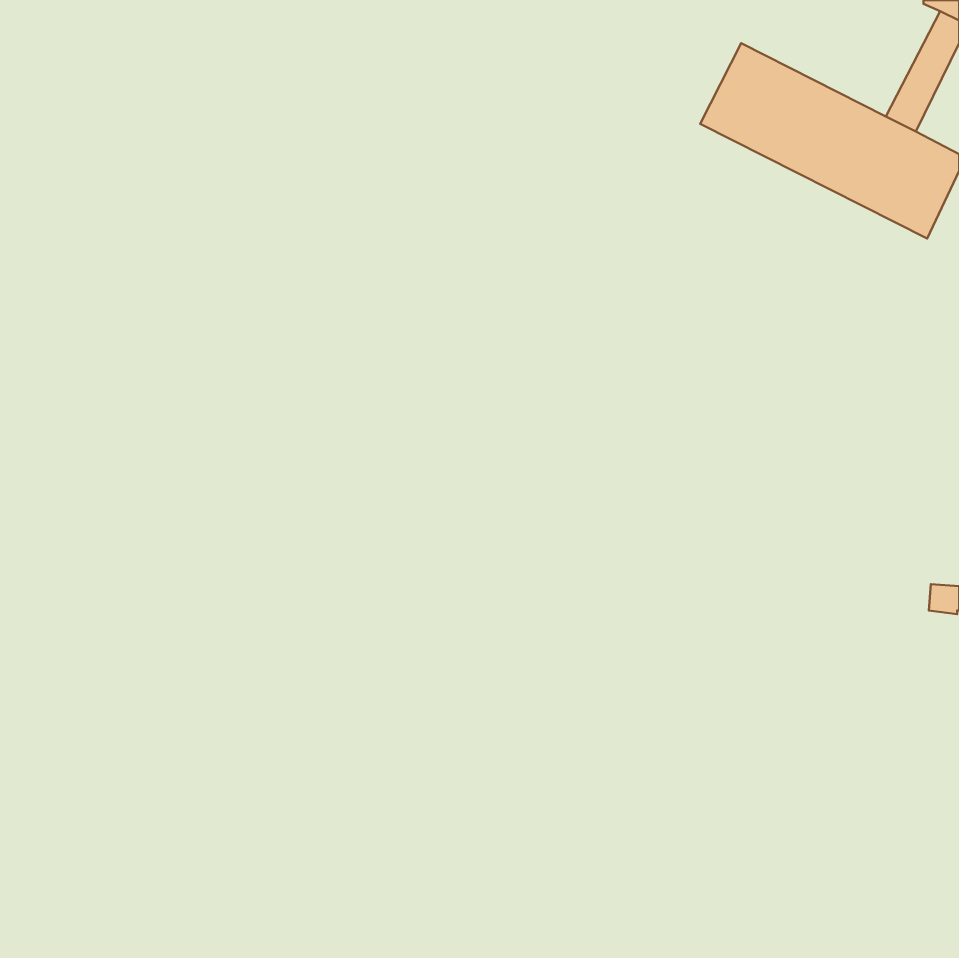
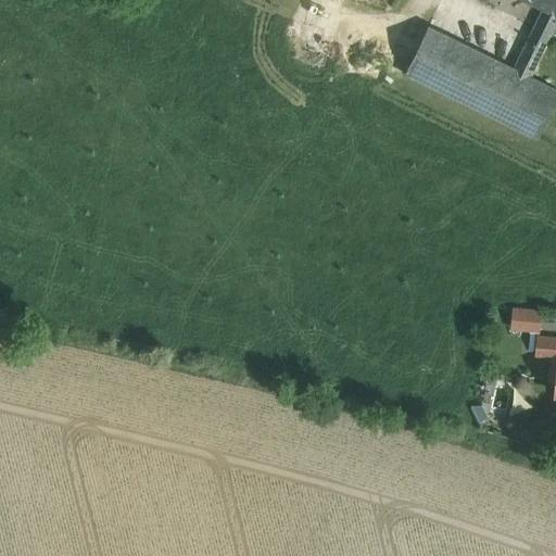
building: none -> [513,306,546,332]

